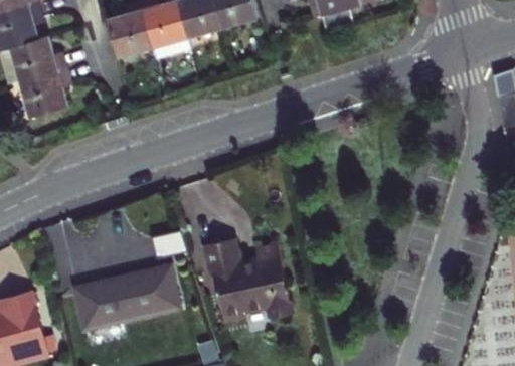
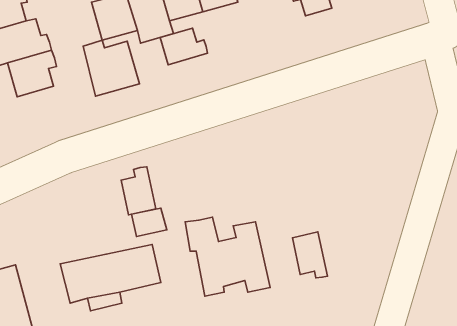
building: none -> [160,28,208,65]
building: none -> [83,40,139,96]
building: none -> [121,167,156,215]
building: none -> [292,232,328,278]

